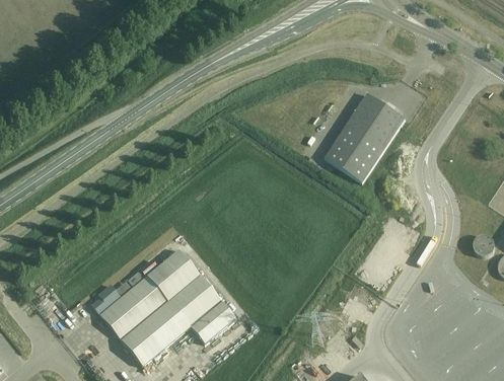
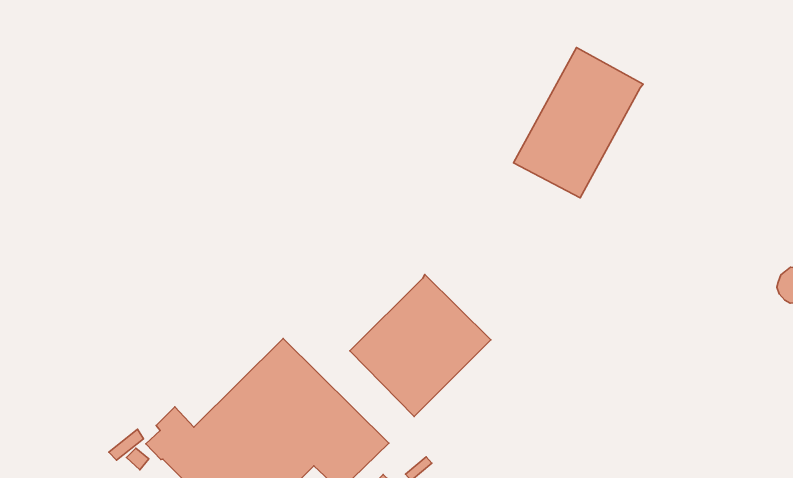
building: none -> [350,274,491,416]

